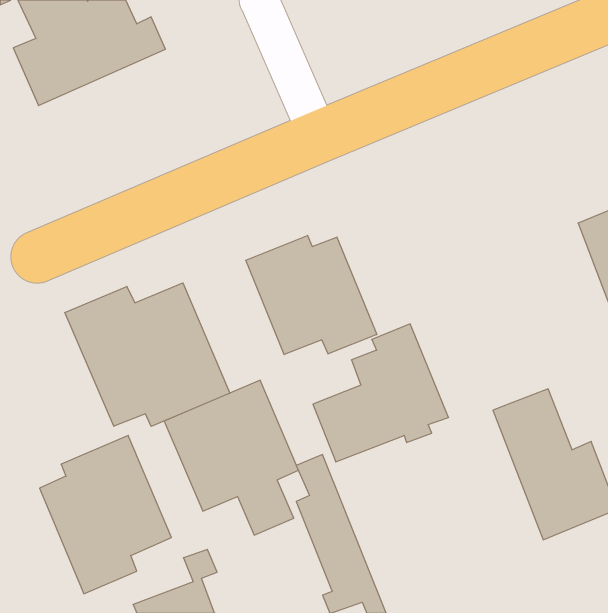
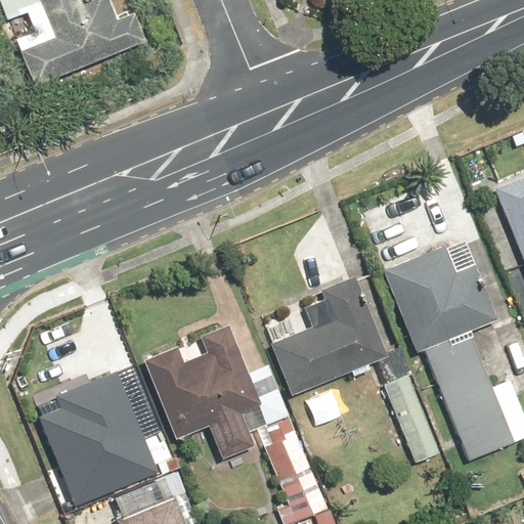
building: [246,235,377,355] -> none
building: [65,283,230,426] -> none
building: none -> [383,245,497,352]
building: none -> [383,374,441,463]

